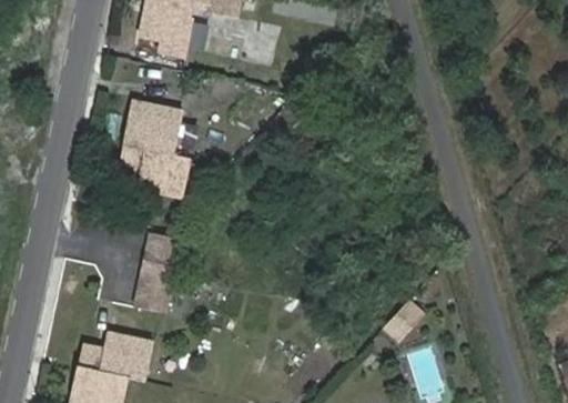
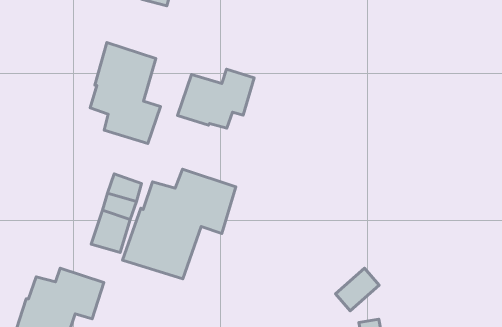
building: none -> [178,69,254,128]
building: none -> [122,169,236,279]

